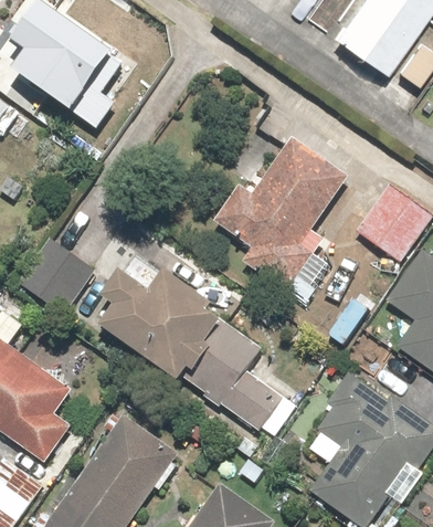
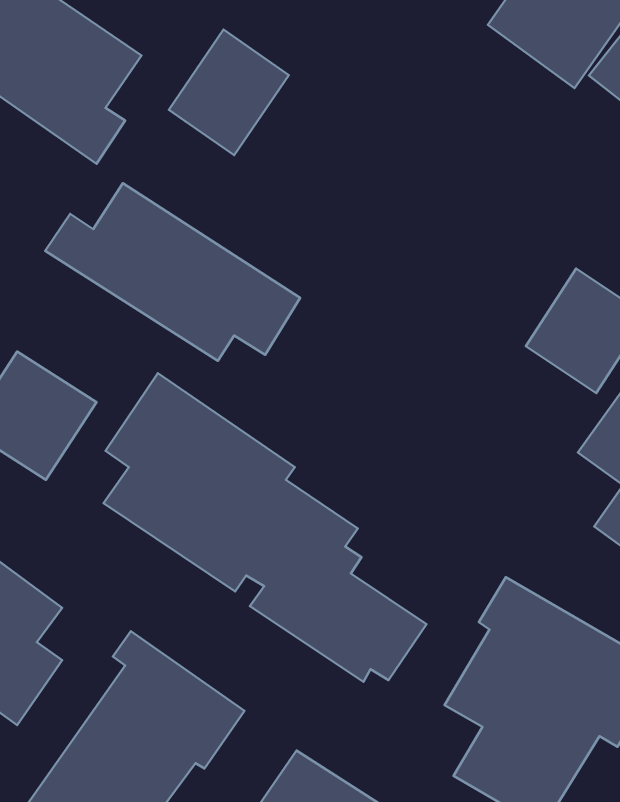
building: none -> [169,30,289,155]
building: none -> [45,183,300,361]
building: [214,137,350,294] -> none

